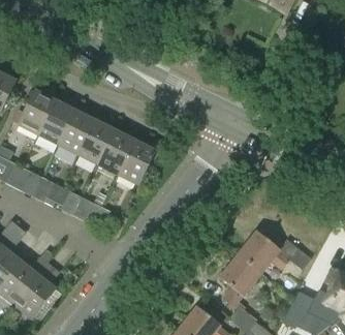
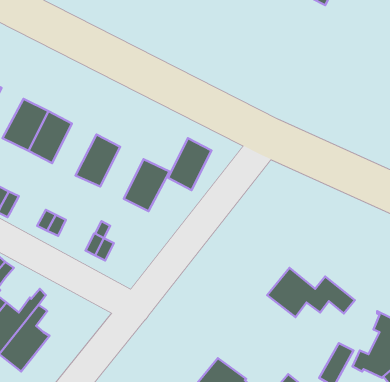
building: [58,110,95,153] -> none
building: [98,129,134,173] -> [168,138,211,190]
building: [219,253,261,305] -> none

